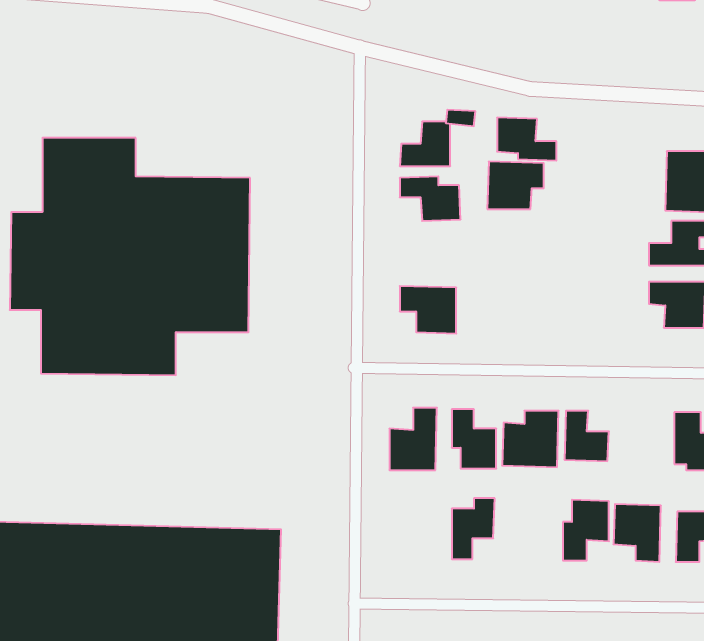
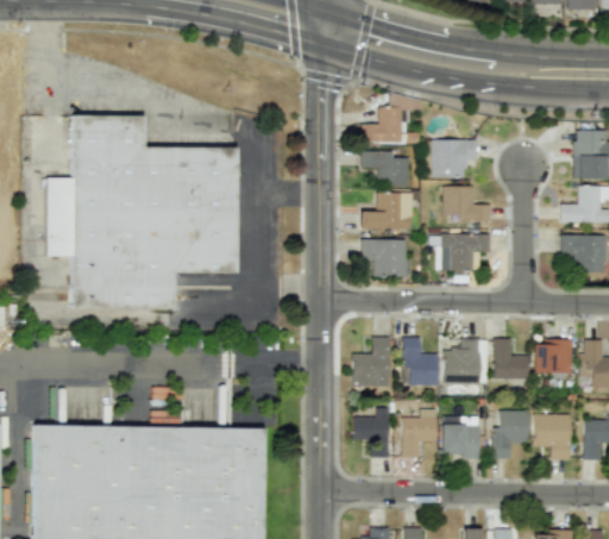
building: [497,118,556,161] -> [442,186,490,220]
building: none -> [359,192,412,228]
building: none -> [441,233,490,270]
building: none -> [533,338,572,372]
building: none -> [352,407,388,457]
building: none -> [441,415,478,457]

